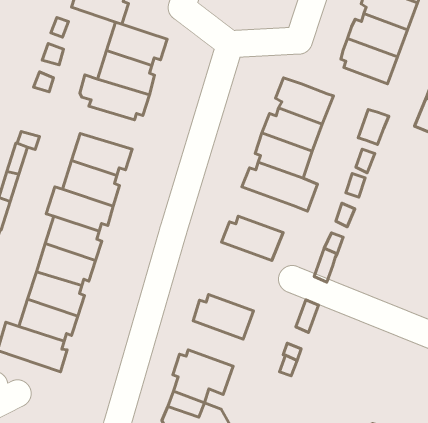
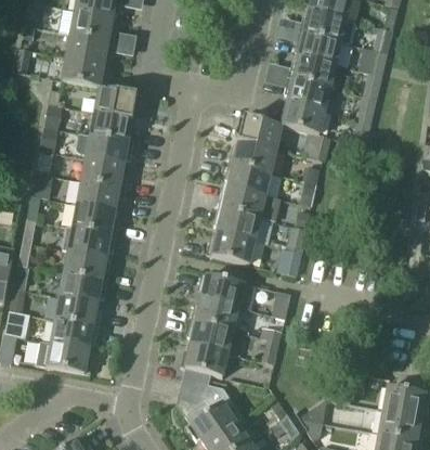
building: none -> [276,101,324,133]
building: none -> [81,157,127,188]
building: none -> [213,207,260,240]
building: none -> [197,272,253,308]
building: none -> [186,320,233,352]

